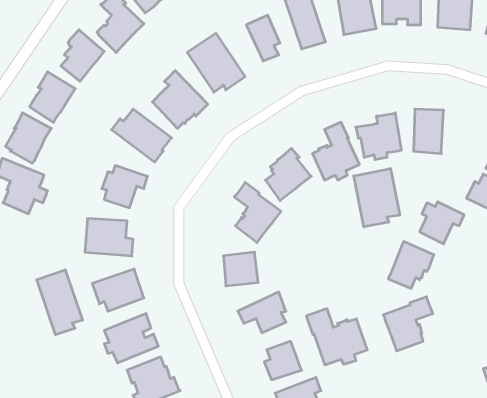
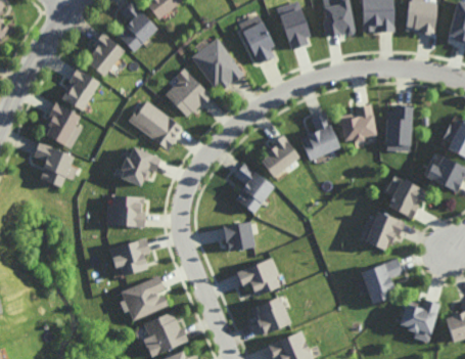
building: [354,168,400,227] -> none
building: [37,270,83,335] -> none
building: [307,309,367,365] -> none
building: none -> [400,301,439,338]

